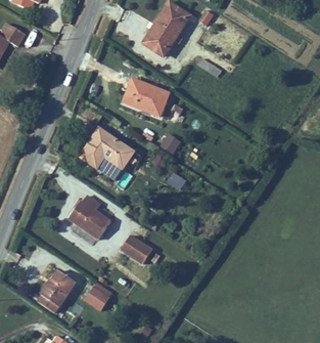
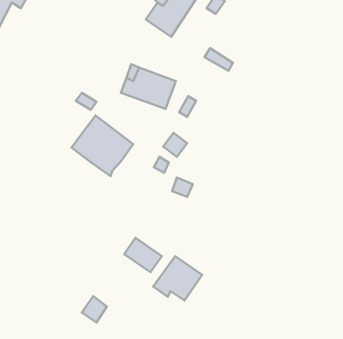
building: [63,191,109,238] -> none
building: none -> [153,256,202,300]
building: [36,270,73,311] -> none

